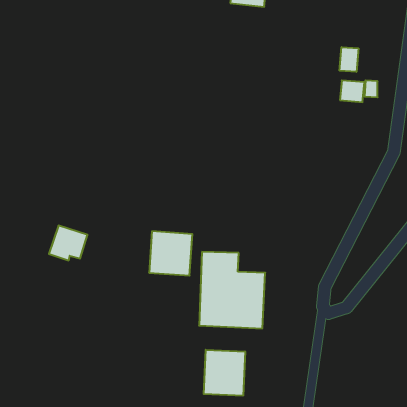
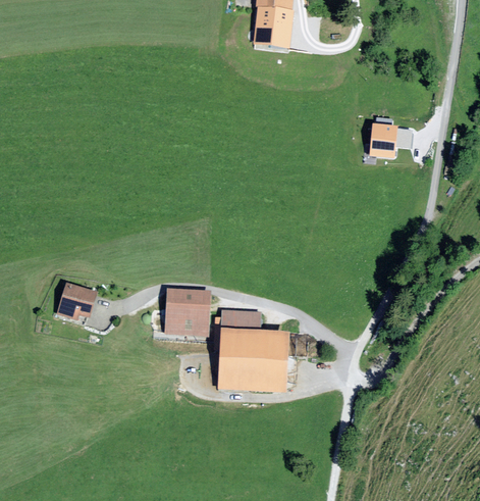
building: [340,47,358,72] -> none
building: [204,350,245,396] -> none

